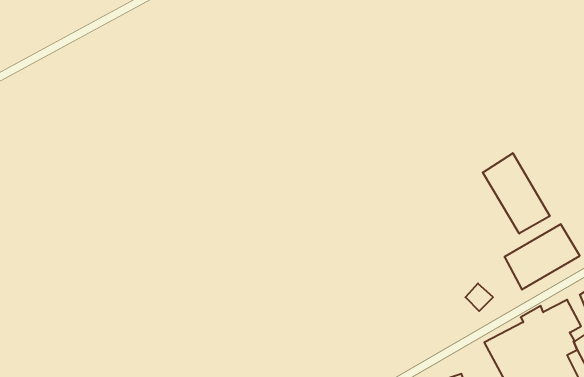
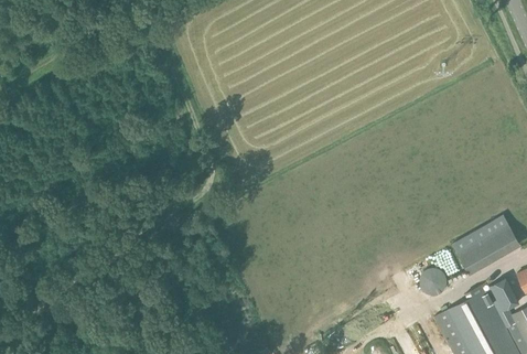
building: [483,153,550,234] -> none

